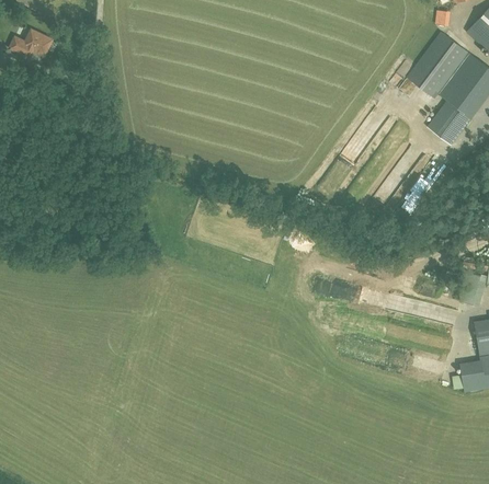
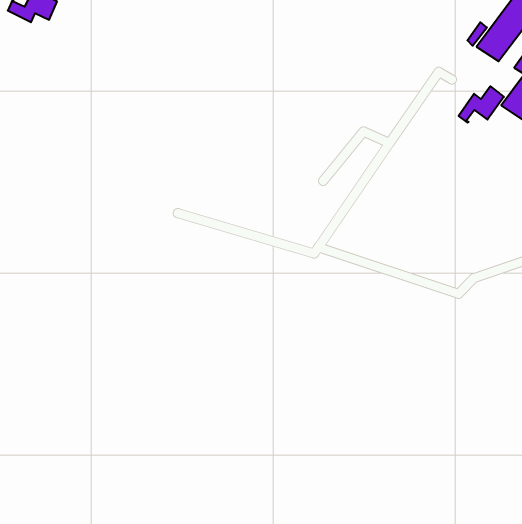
building: none -> [459,86,504,123]

